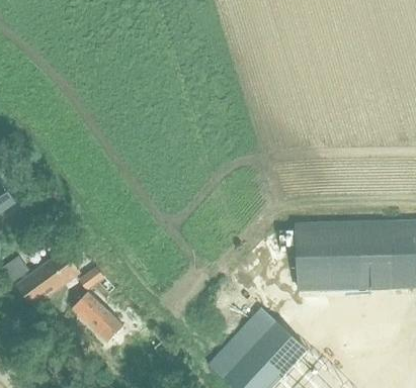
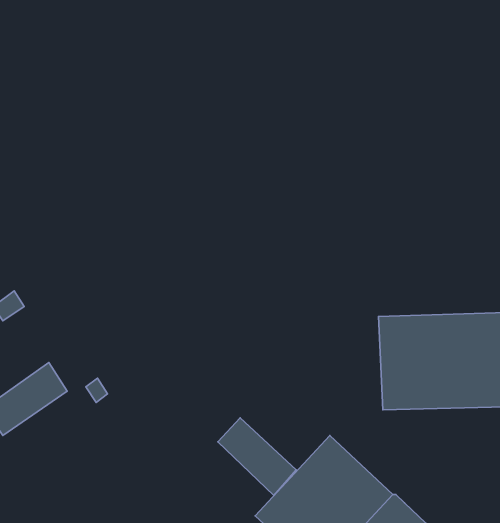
building: none -> [218,418,296,495]
building: [75,296,123,342] -> none

